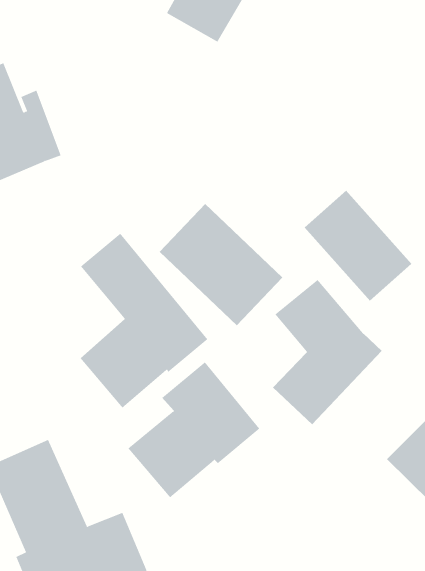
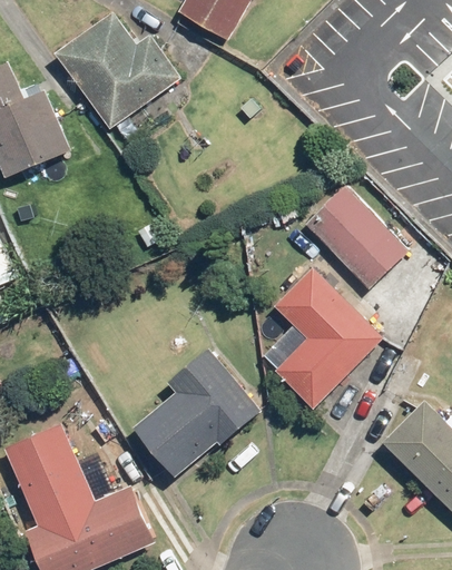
building: none -> [63,13,179,128]
building: [159,203,283,326] -> none
building: [80,233,208,409] -> none

